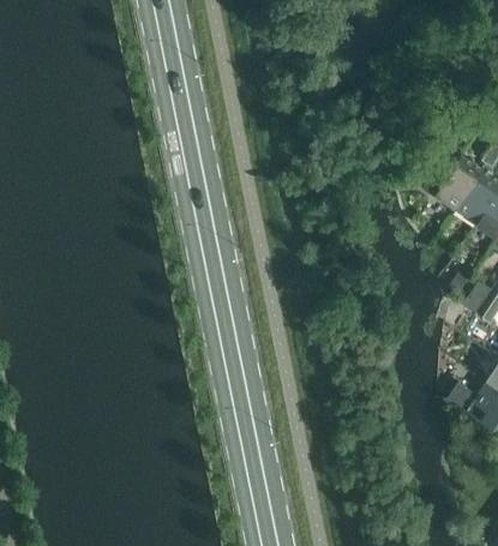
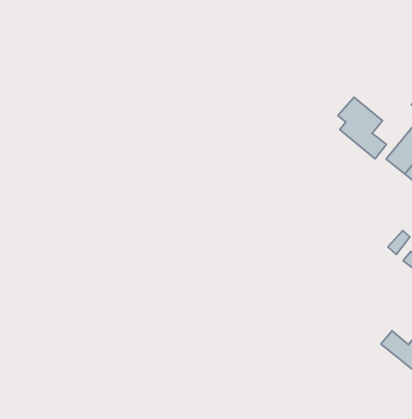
building: none -> [338,97,386,159]

